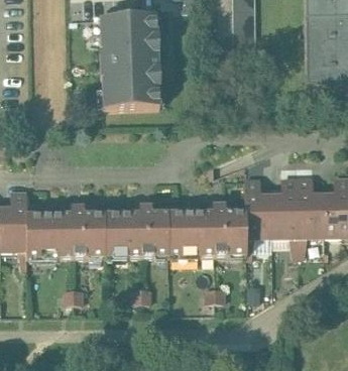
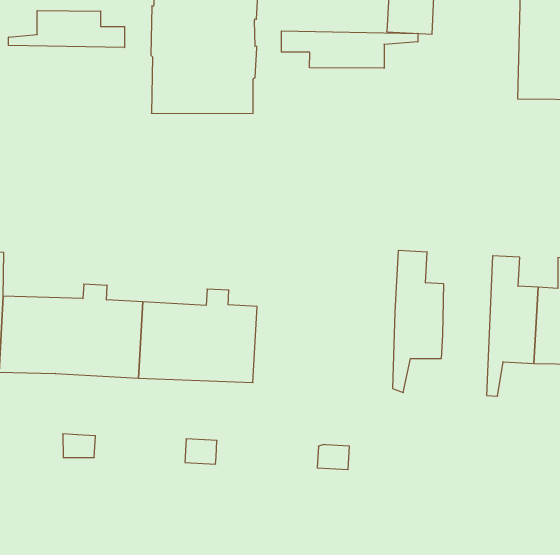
building: none -> [9,11,125,48]
building: none -> [281,31,418,68]
building: [271,177,299,255] -> none
building: [168,205,246,255] -> none

